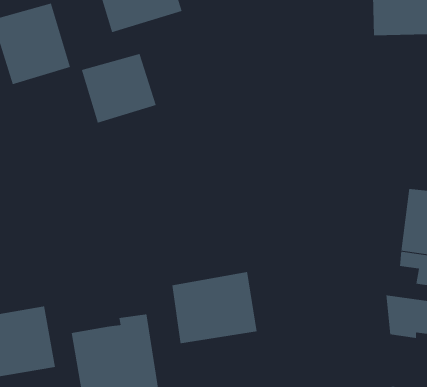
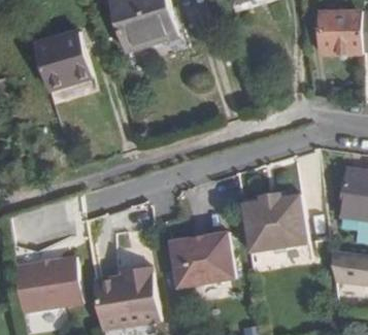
building: [81,53,156,123] -> none
building: none -> [240,194,305,252]

